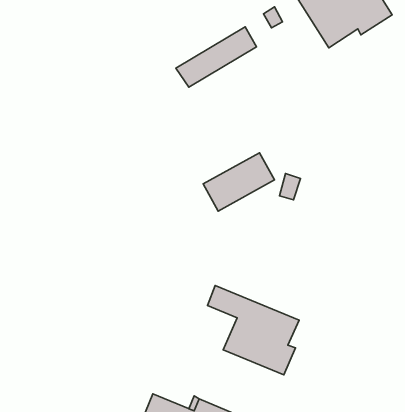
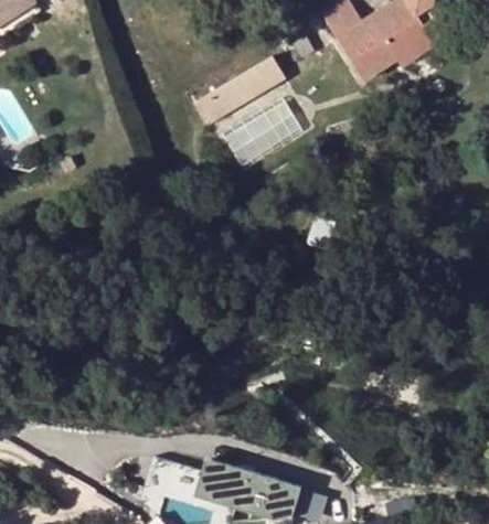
building: [203,153,275,211] -> [226,97,305,161]
building: [208,286,299,375] -> none

